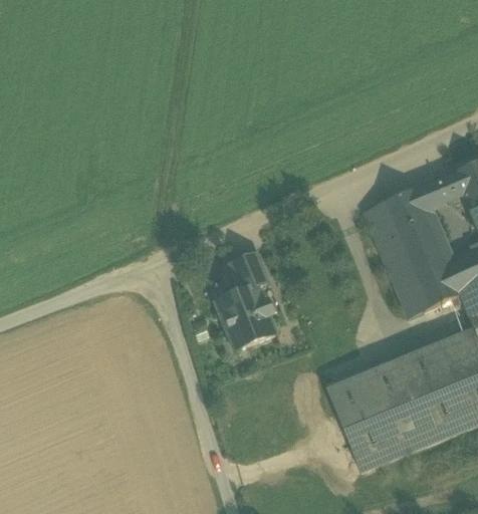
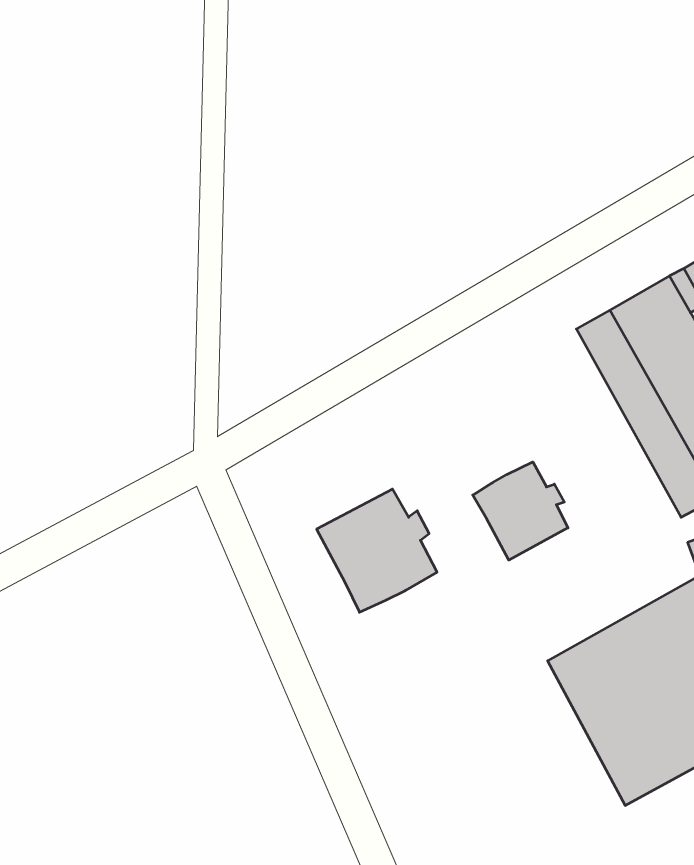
building: [226,253,267,293] -> none
building: none -> [473,462,568,560]

